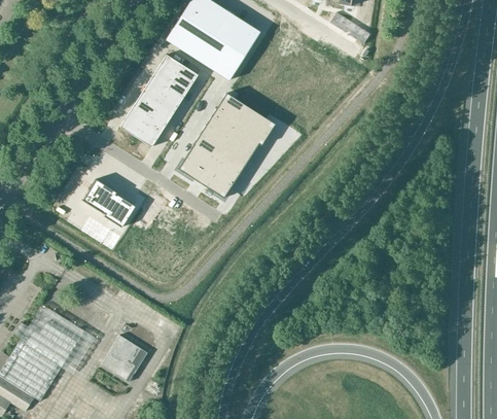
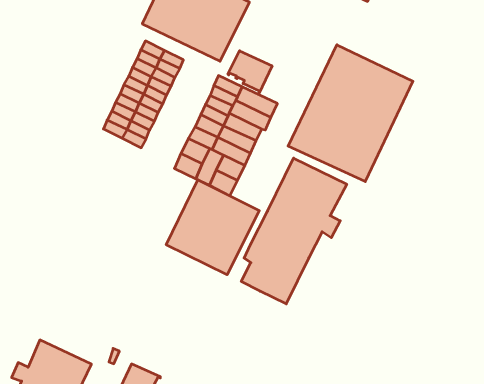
building: none -> [228,51,272,94]
building: none -> [288,45,413,182]
building: none -> [241,158,347,304]
building: [82,179,135,228] -> none
building: none -> [166,180,259,275]

